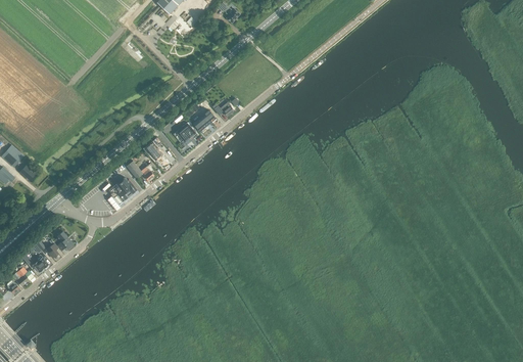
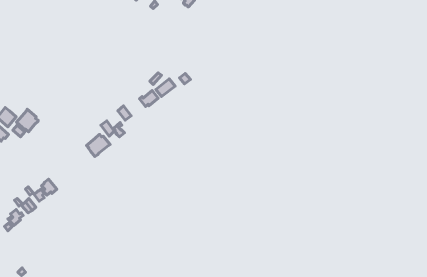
building: none -> [17,109,38,132]

